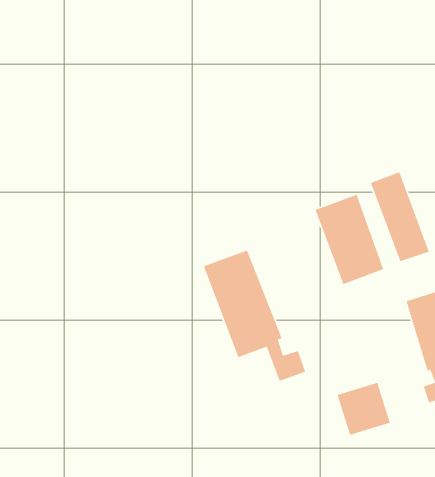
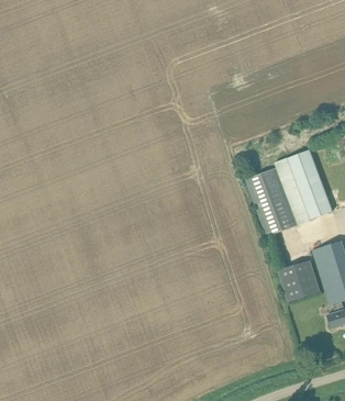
building: [203,249,306,382] -> none
building: [337,382,391,436] -> [278,259,320,301]

